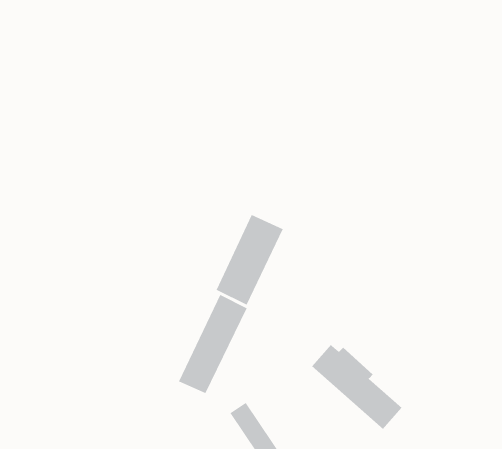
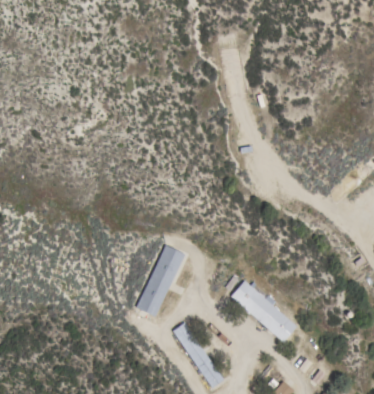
building: [216,214,283,306] -> none

